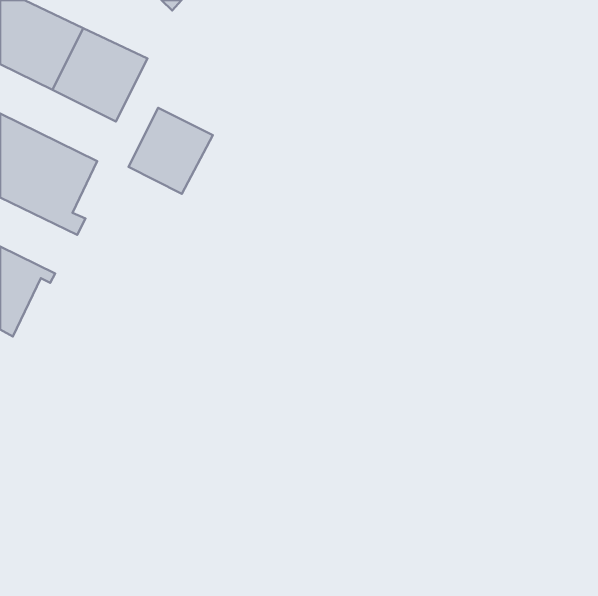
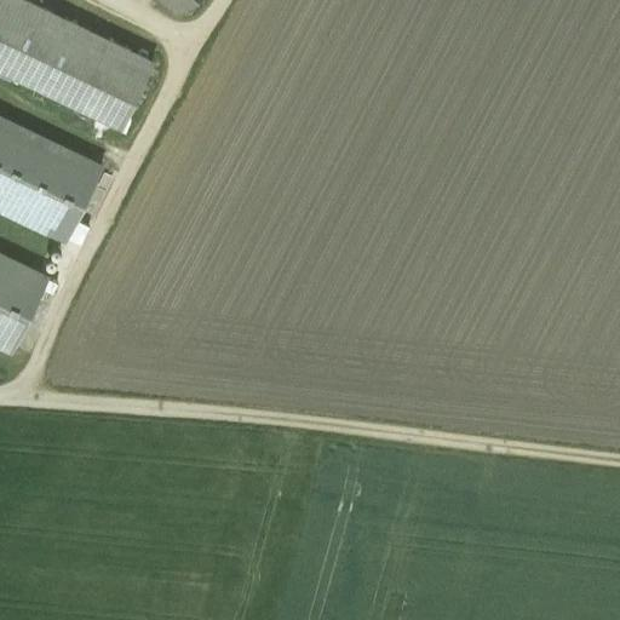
building: [129,108,213,194] -> none

